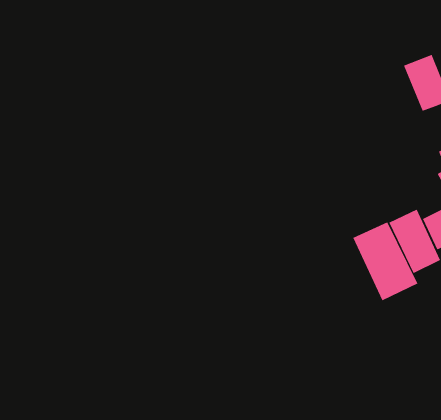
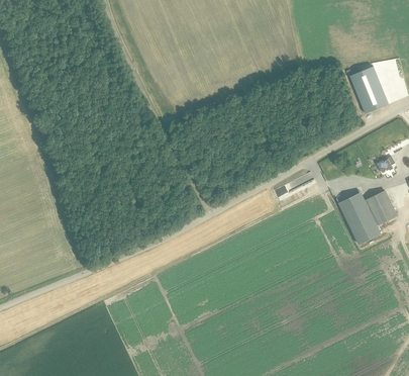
building: [352,222,418,301] -> none

